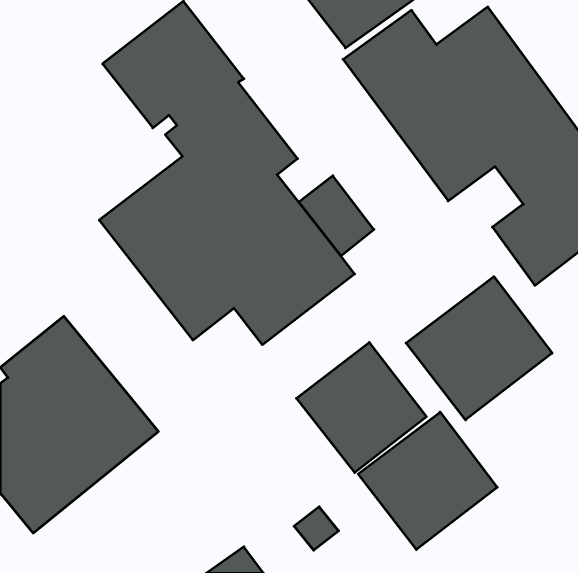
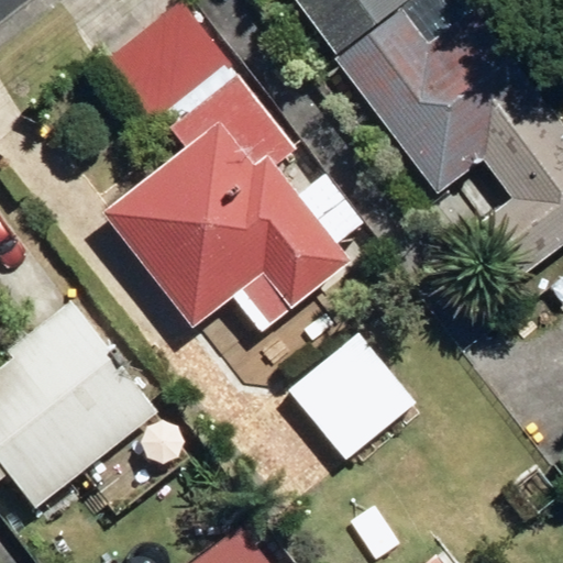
building: [406,277,552,420] -> none
building: [358,412,497,550] -> none

